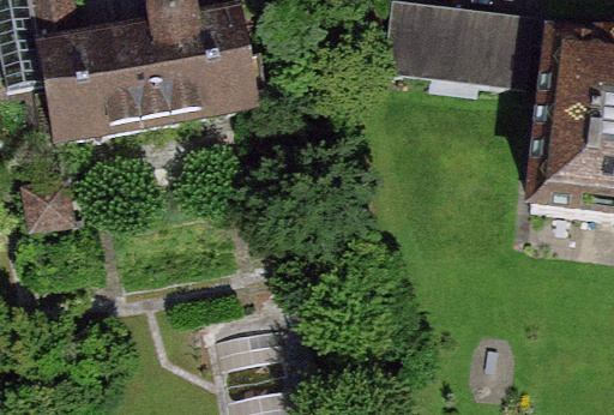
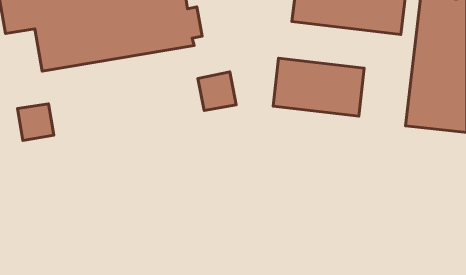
building: none -> [273,58,364,116]

